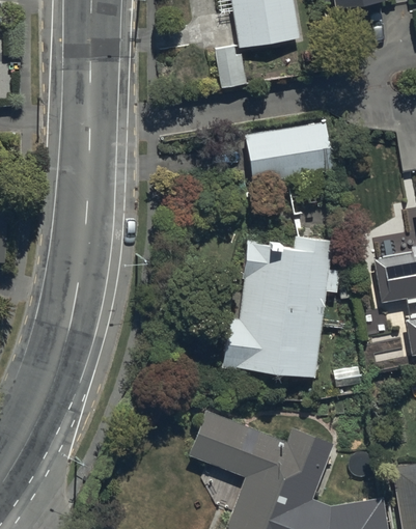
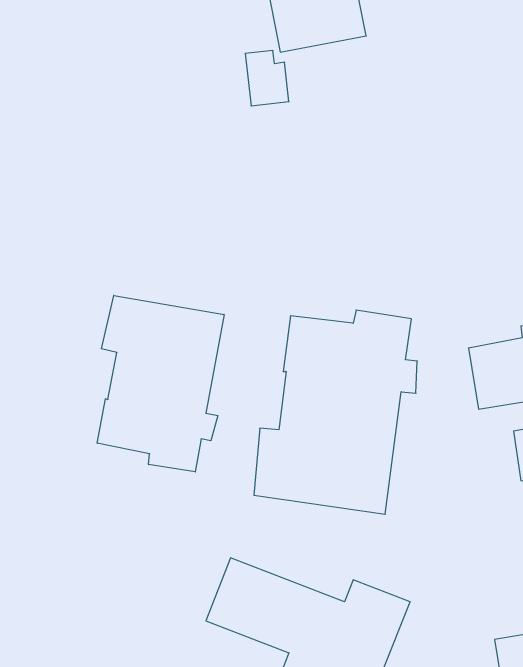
building: [243,121,333,183] -> none
building: none -> [97,295,224,472]

